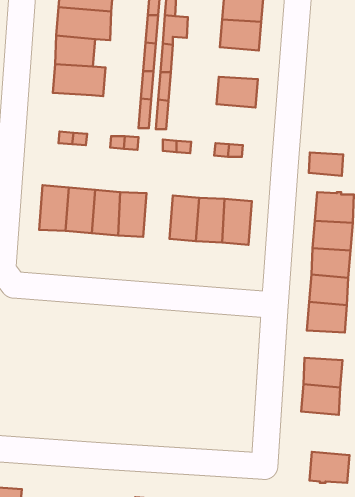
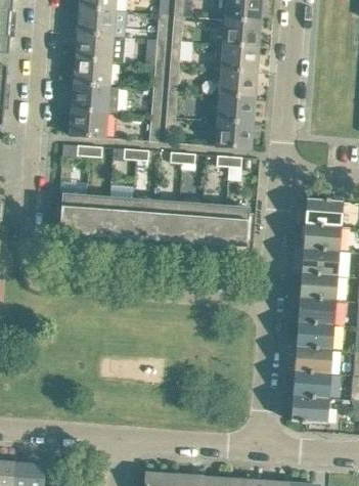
building: none -> [220,69,256,97]
building: none -> [70,109,106,137]
building: none -> [216,120,253,148]
building: [309,153,343,176] -> none
building: none -> [152,200,179,240]
building: none -> [297,322,332,349]
building: [309,452,350,483] -> [291,395,327,423]

